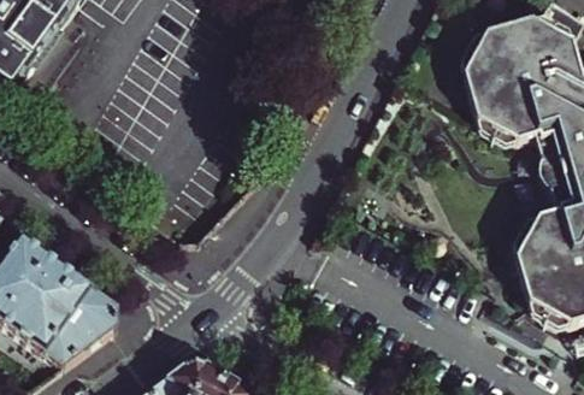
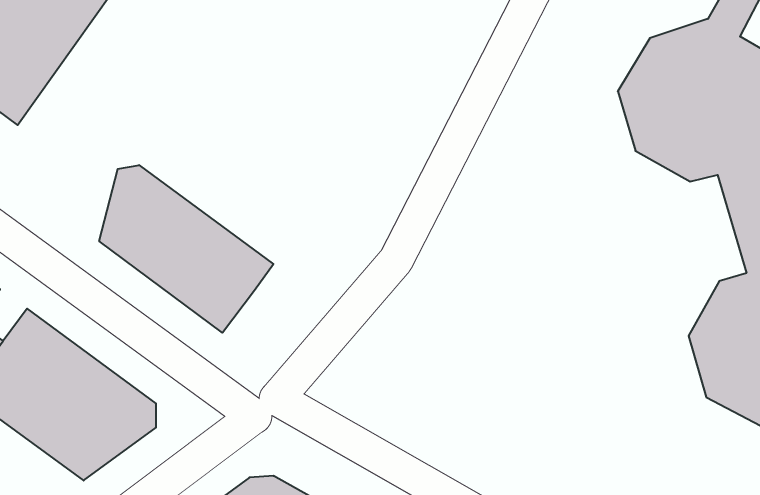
building: none -> [99,165,273,333]

